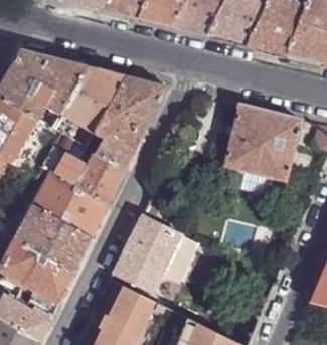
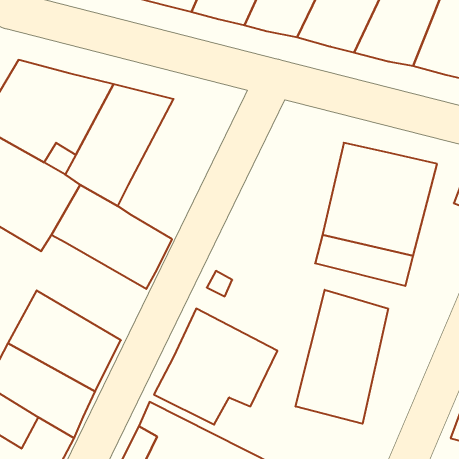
building: [97,75,166,169] -> none
building: [35,171,109,236] -> none
building: none -> [296,290,388,424]

